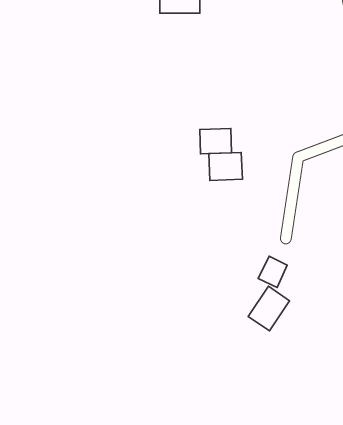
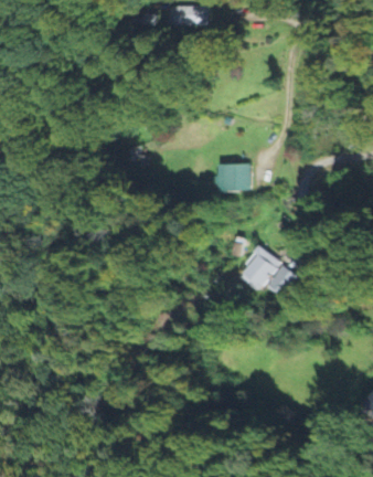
building: [200,128,232,154] -> none
building: [248,286,290,331] -> [238,246,279,290]

